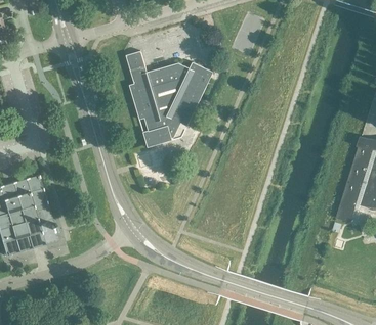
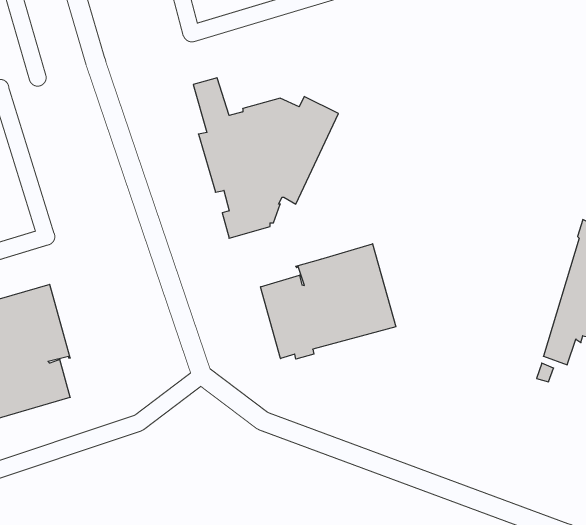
building: none -> [261,244,396,359]

